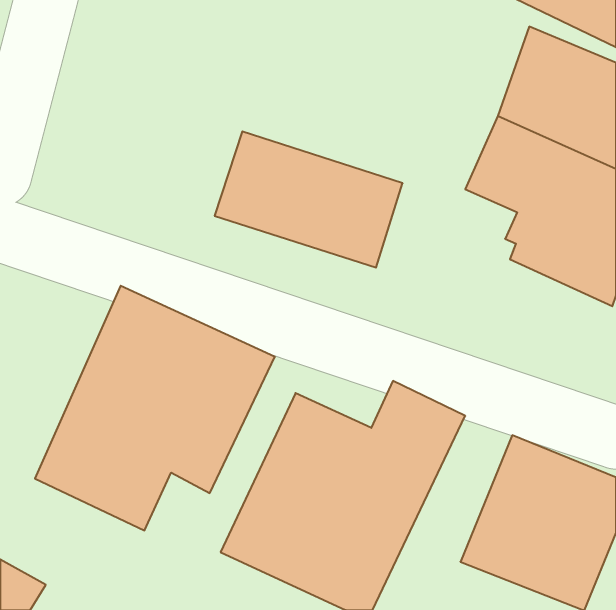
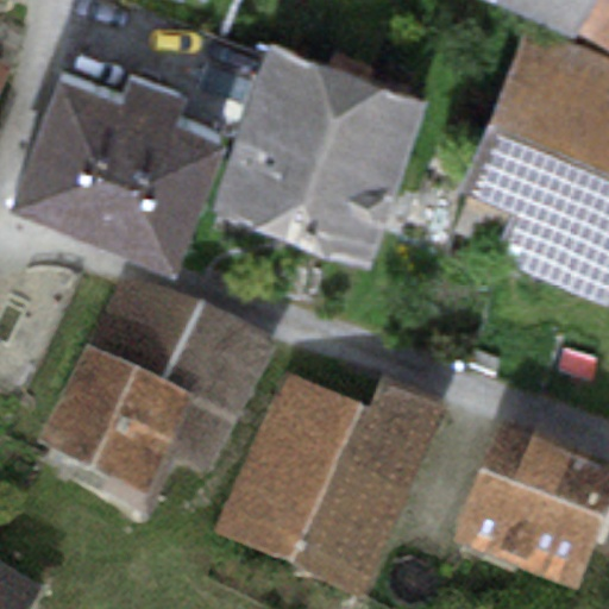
building: none -> [239,38,427,181]
building: none -> [6,68,227,272]

